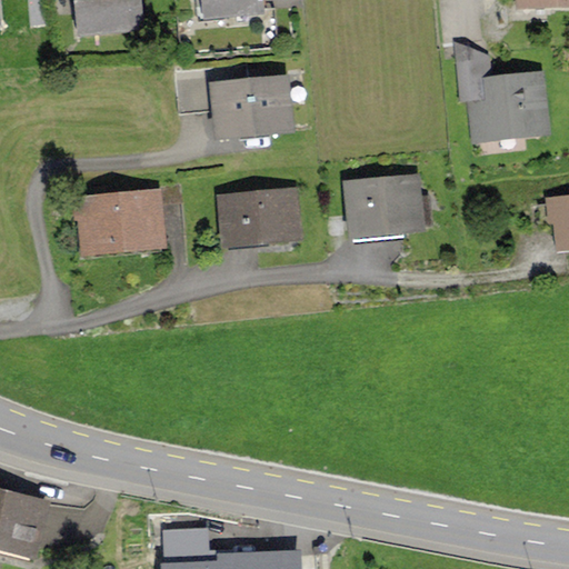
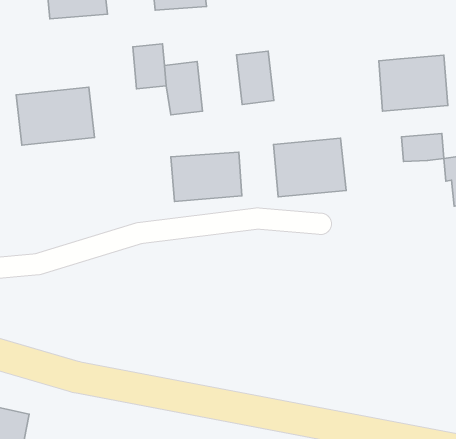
building: [453,37,492,80] -> none
building: [250,76,295,139] -> [237,51,274,104]
building: none -> [402,134,444,161]
building: [74,188,168,257] -> [16,87,94,145]

